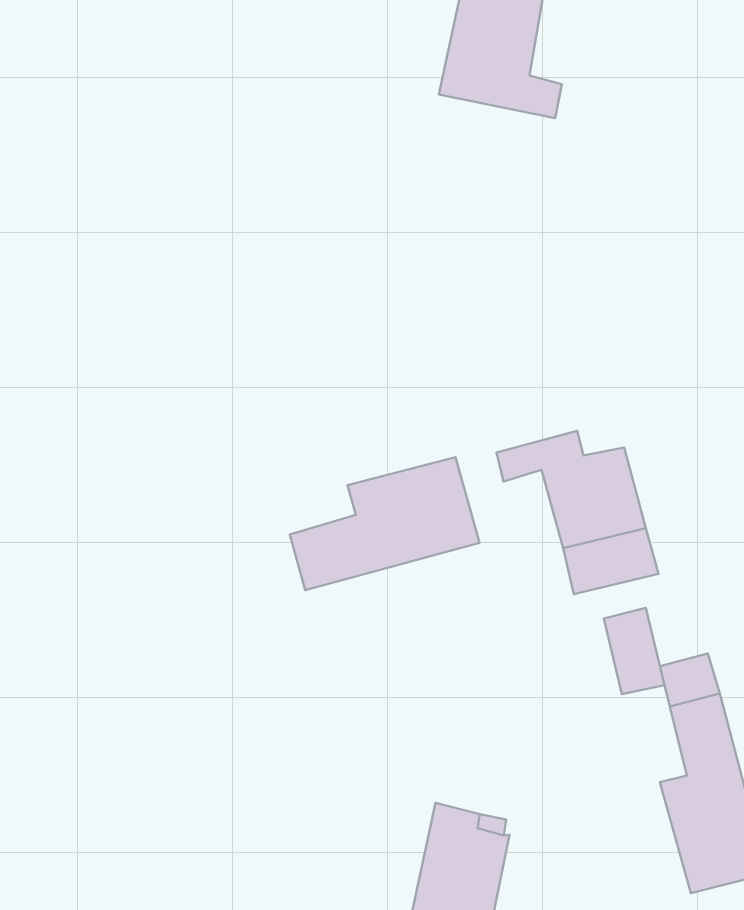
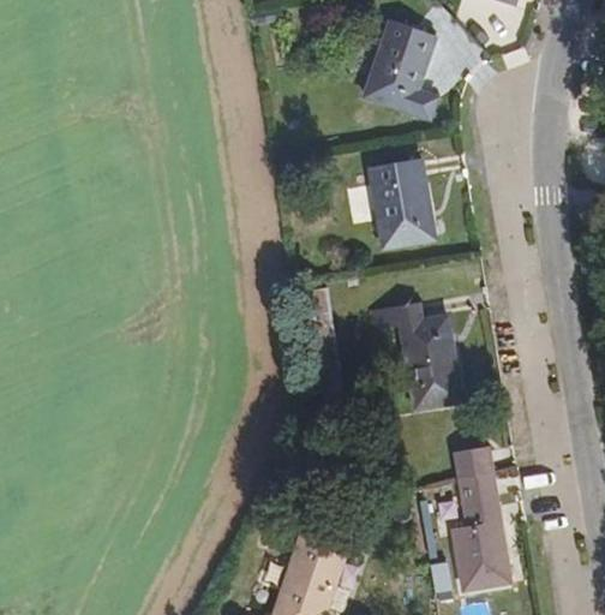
building: none -> [376,162,441,250]
building: [290,457,480,590] -> none
building: [604,608,664,694] -> none

